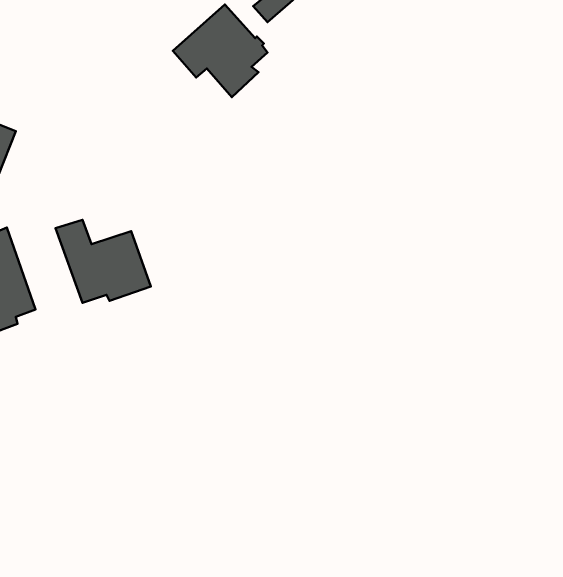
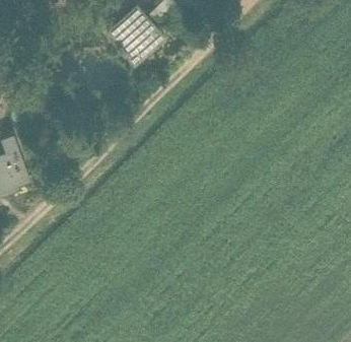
building: [56,220,151,303] -> none

